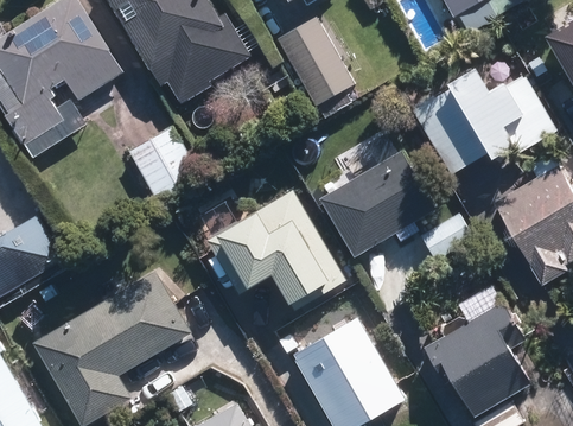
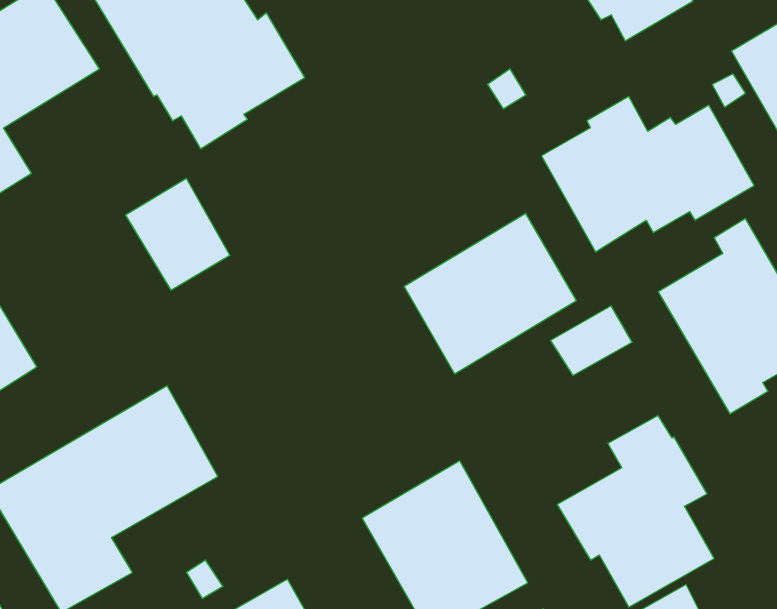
building: [278,15,354,103] -> none
building: [204,192,343,312] -> none

